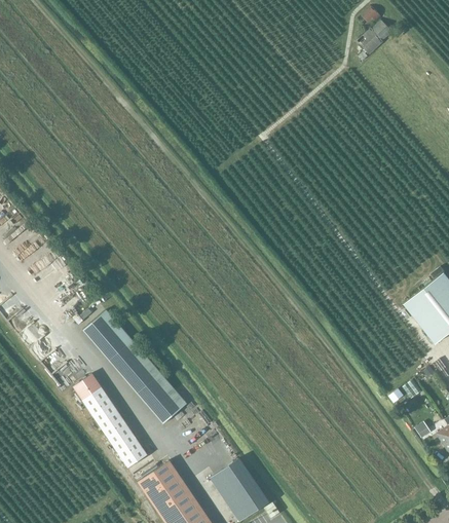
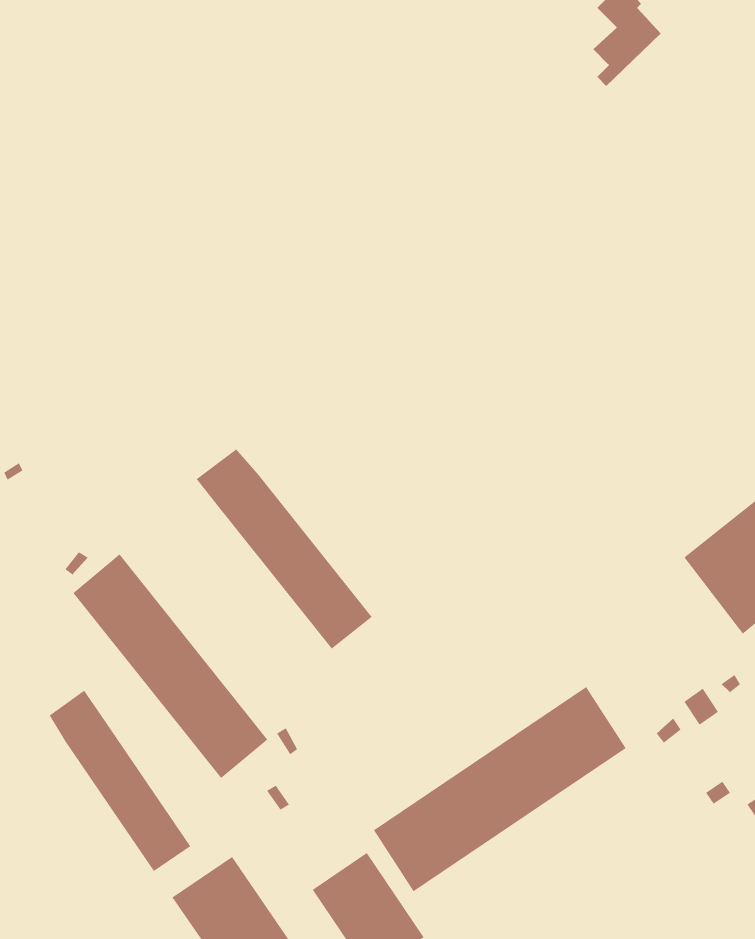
building: none -> [196,449,373,650]
building: none -> [373,686,626,892]

